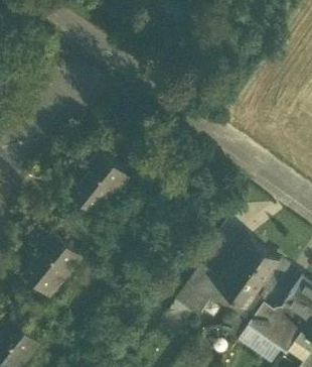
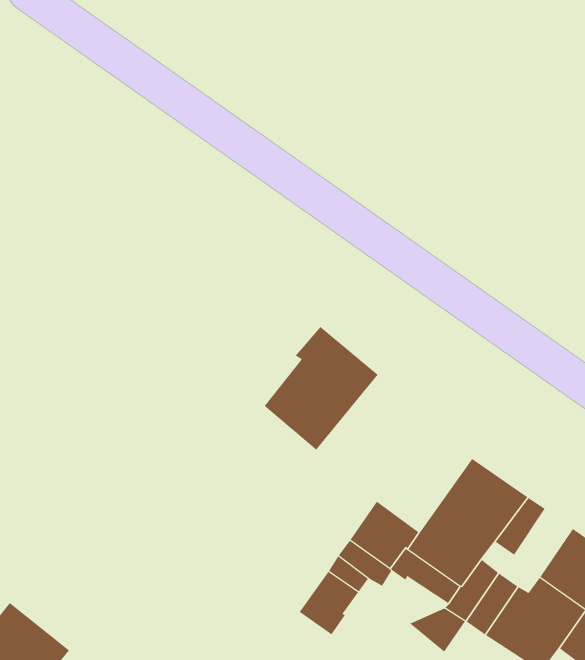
building: [70,152,130,217] -> [264,326,378,451]
building: [23,231,83,295] -> none

